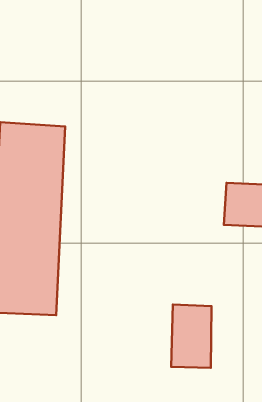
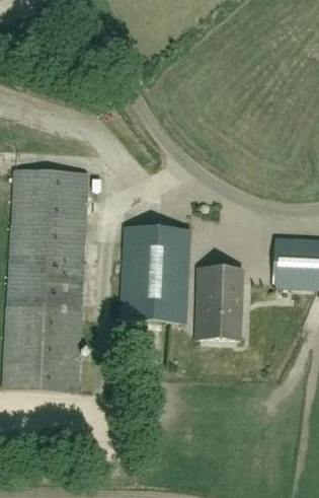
building: none -> [122,226,190,323]
building: [171,305,212,368] -> [195,266,242,339]

